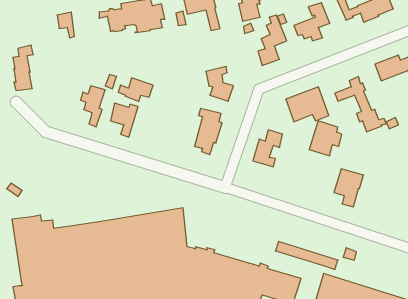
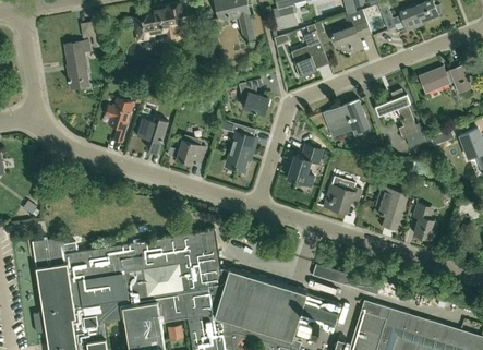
building: [13,45,33,90] -> [68,40,89,88]
building: [118,78,153,101] -> [169,140,206,165]
building: [309,121,342,156] -> [325,177,360,214]
building: none -> [413,204,435,240]

